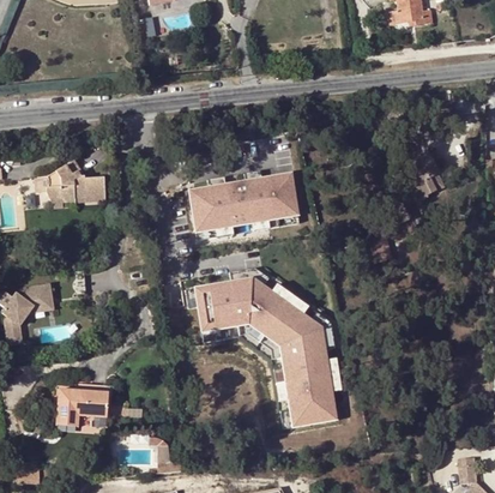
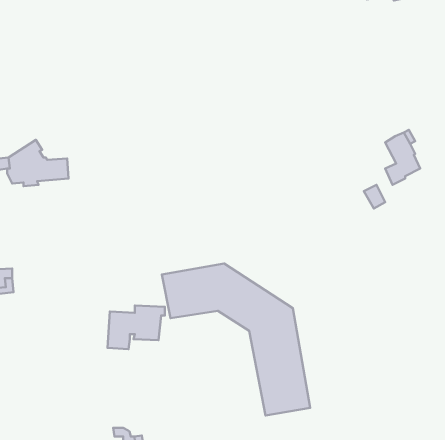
building: [188,175,297,232] -> none
building: [56,383,111,425] -> [107,305,165,349]

